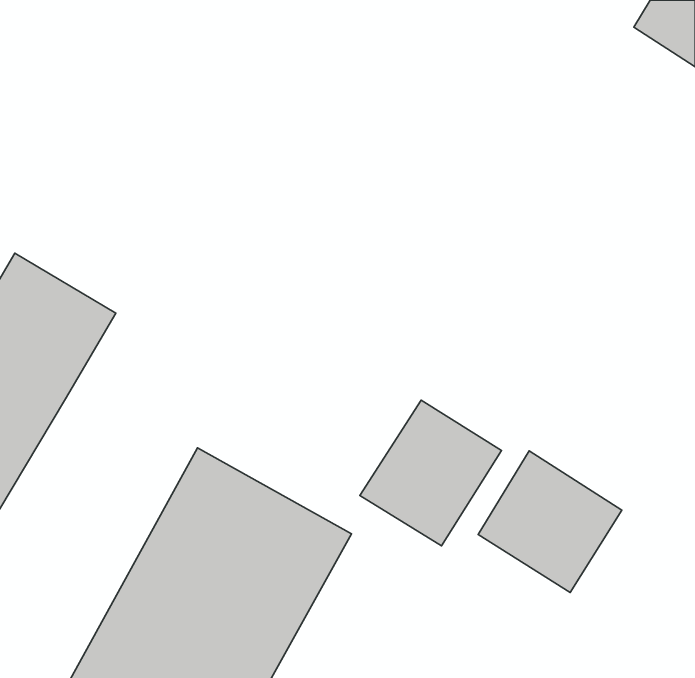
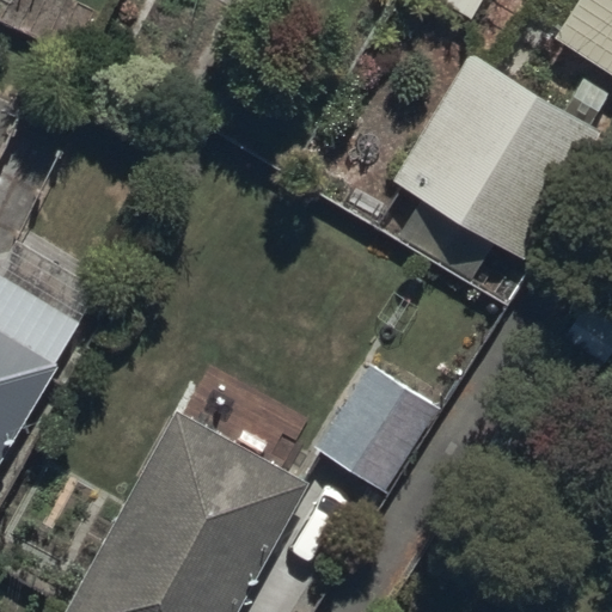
building: none -> [394,54,601,287]
building: [478,451,622,592] -> none

